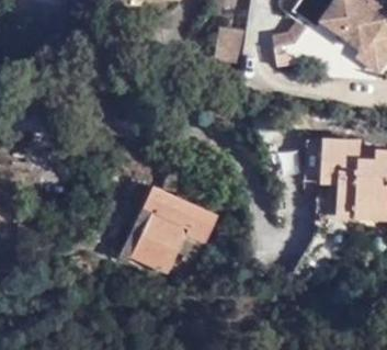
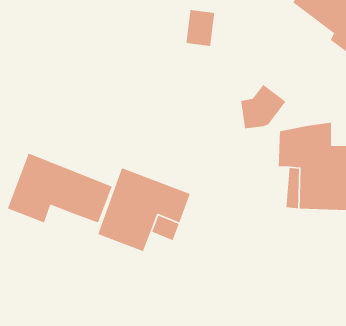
building: [273,21,319,66] -> [240,84,286,129]
building: none -> [7,153,113,224]

